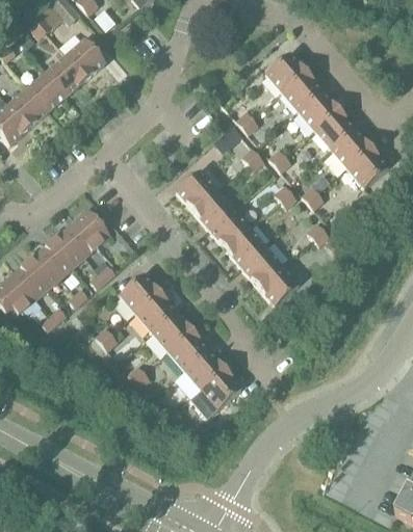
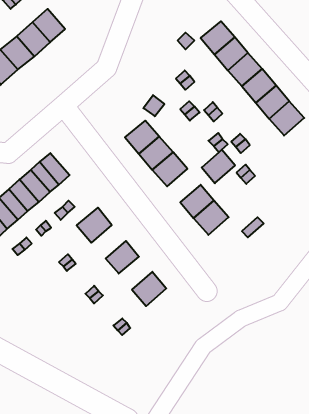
building: [226,228,265,267] -> [202,150,235,183]
building: [136,294,177,334] -> none
building: [169,331,208,370] -> none
building: [201,369,241,409] -> none

